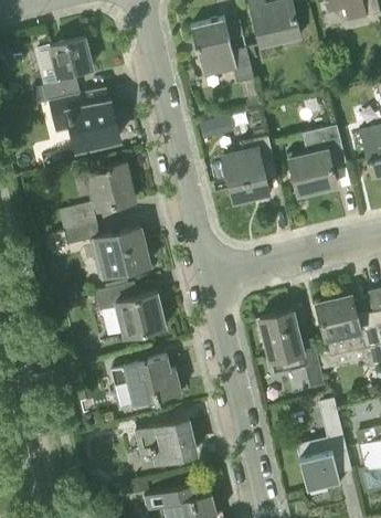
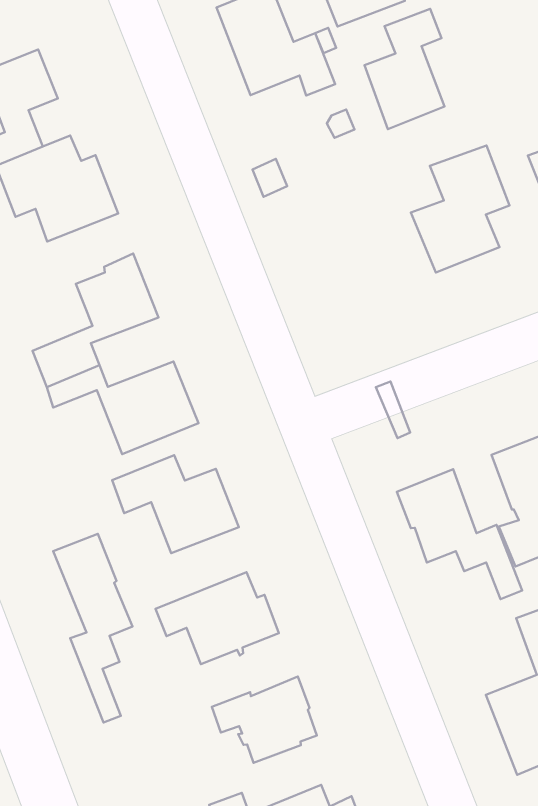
building: [224,137,271,203] -> [364,9,444,129]
building: none -> [53,534,133,723]

